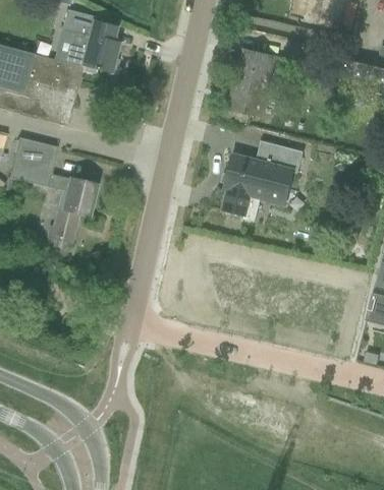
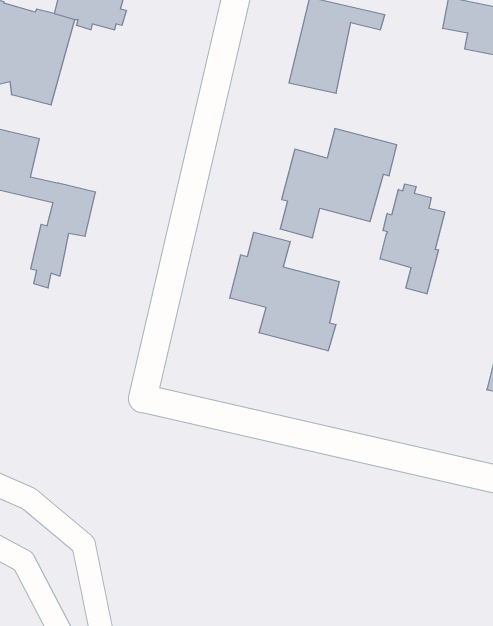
building: none -> [380,184,445,294]
building: none -> [230,232,339,351]

